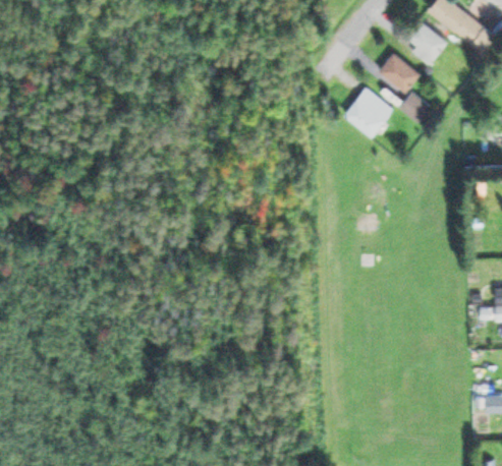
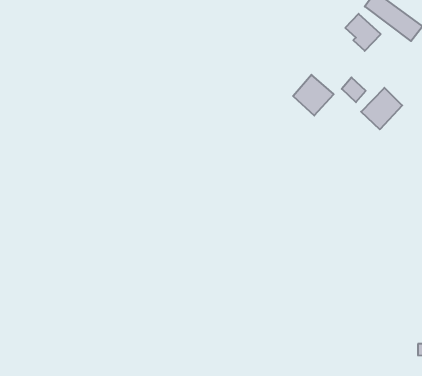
building: [379,54,420,93] -> none
building: none -> [361,88,402,129]

